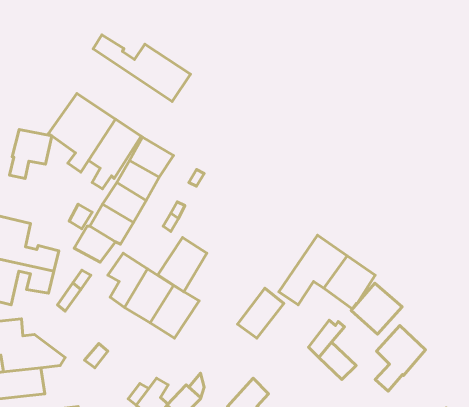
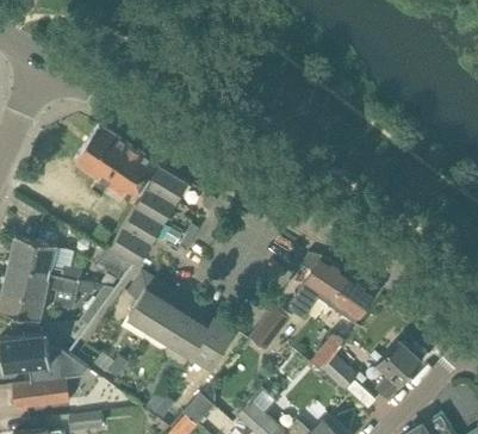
building: [93,35,191,102] -> none
building: [9,129,52,179] -> none
building: [158,238,207,292] -> [188,317,234,367]
building: [351,283,402,334] -> none

